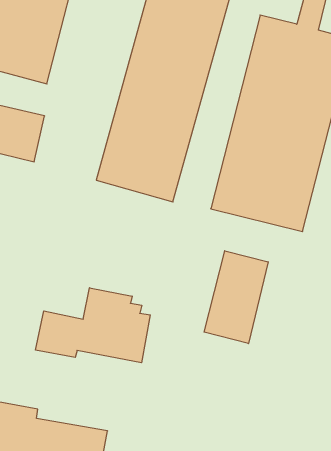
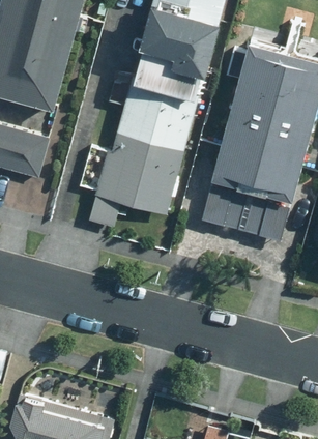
building: [204,251,268,344] -> none
building: [36,288,150,363] -> none

